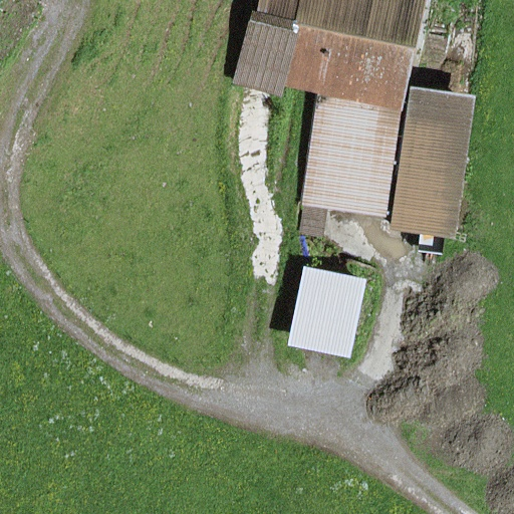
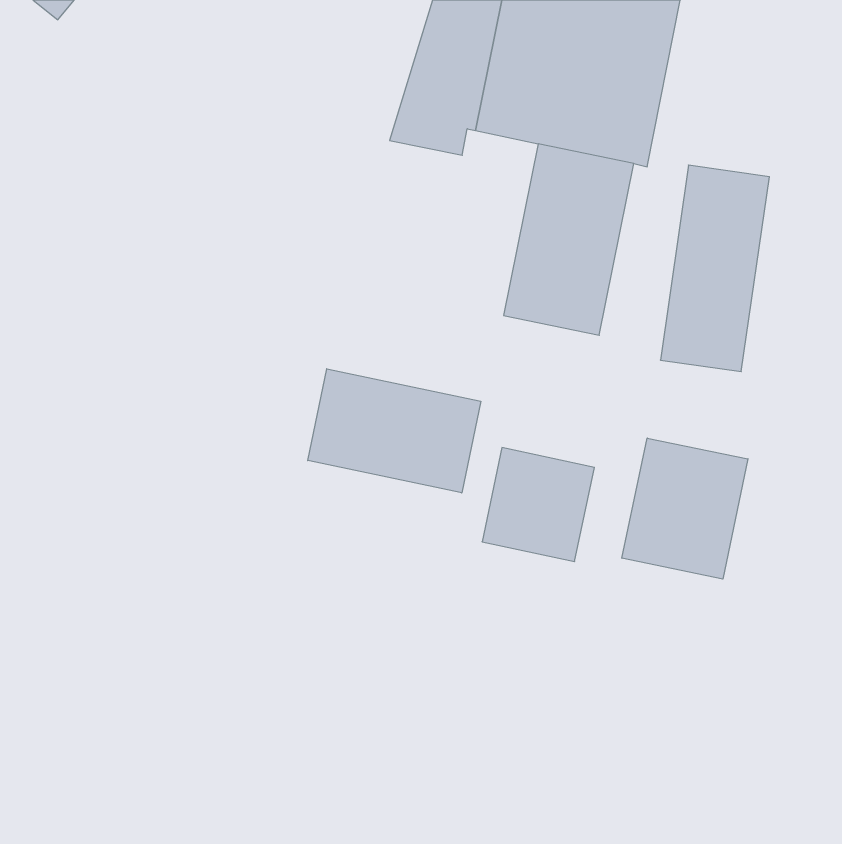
building: none -> [308,369,481,493]
building: none -> [622,438,748,579]

